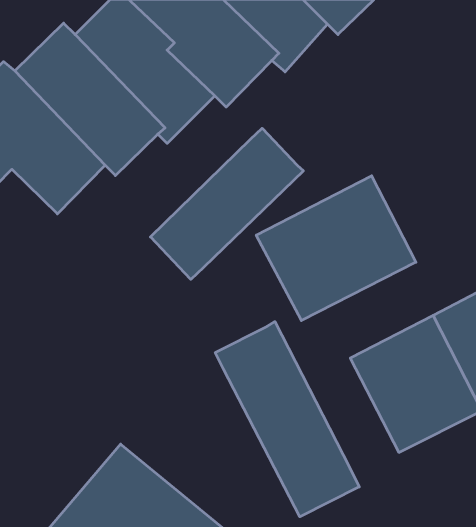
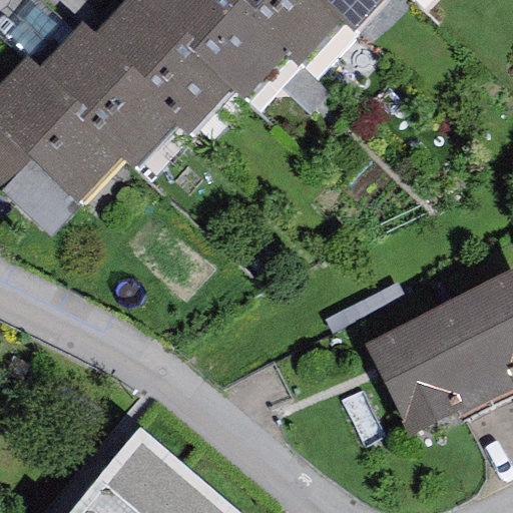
building: [150,128,303,279] -> none
building: [256,176,416,321] -> none
building: [215,322,359,517] -> none

